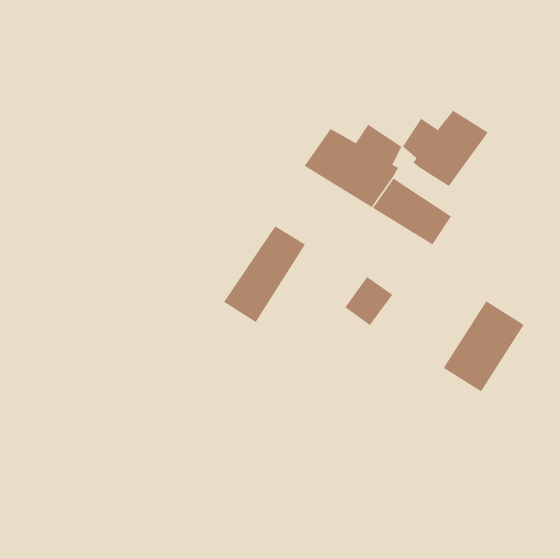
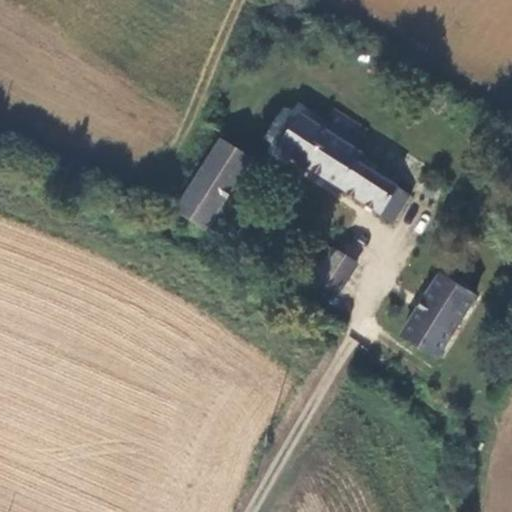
building: [402,110,489,187] -> none
building: [223,226,306,323] -> [171,142,246,230]

